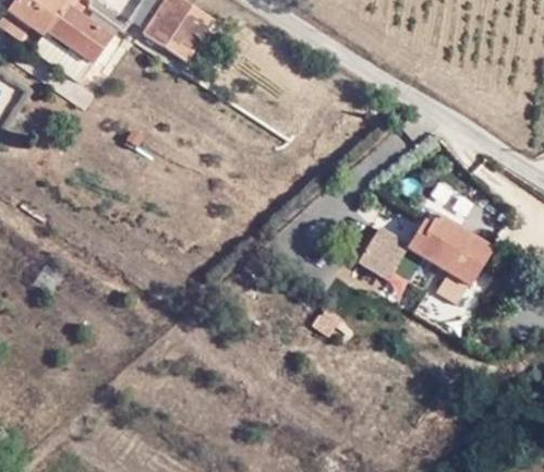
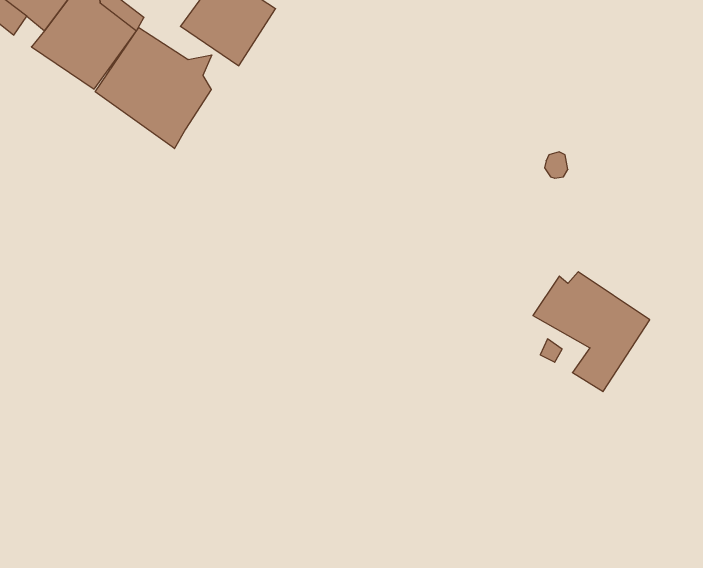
building: none -> [95,27,212,149]
building: [356,230,407,279] -> none

